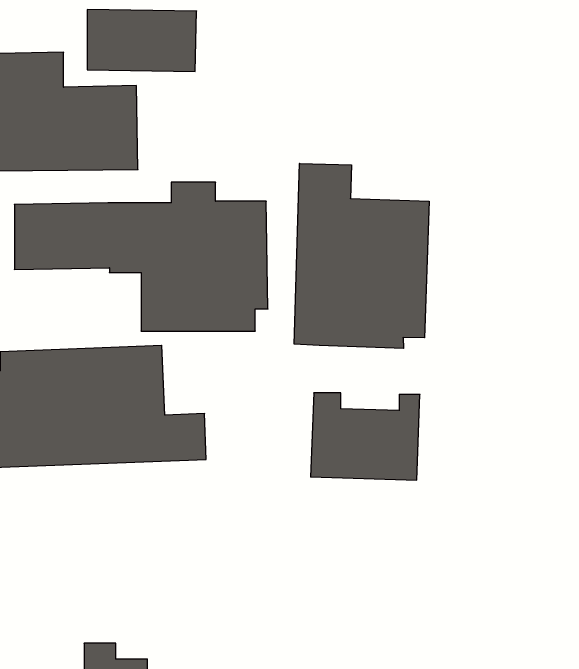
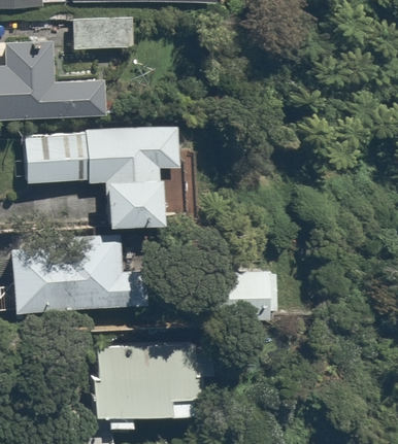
building: [294,163,429,348] -> none
building: none -> [90,346,209,435]

